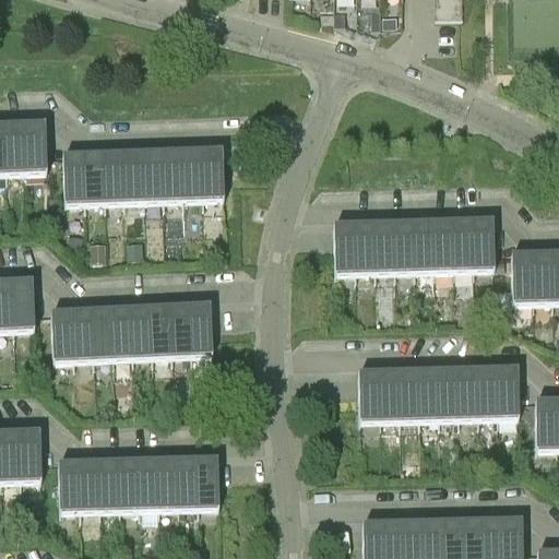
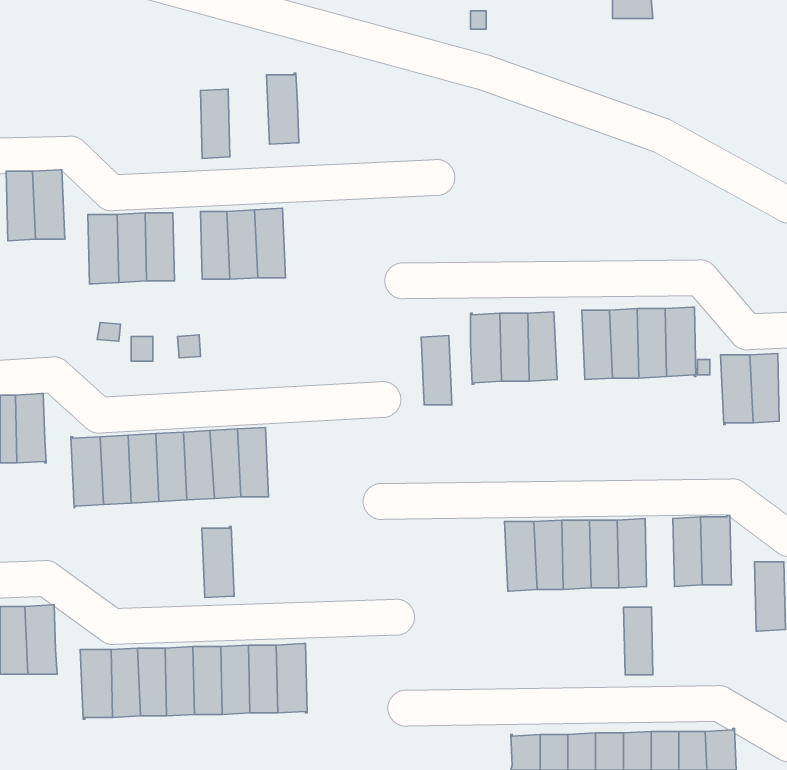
building: [201,146,224,197] -> [266,73,299,144]
building: [123,150,144,199] -> [201,89,230,158]
building: [393,219,415,269] -> [421,335,452,405]
building: [189,301,212,352] -> [202,527,234,598]
building: [457,367,478,415] -> [624,607,653,675]

